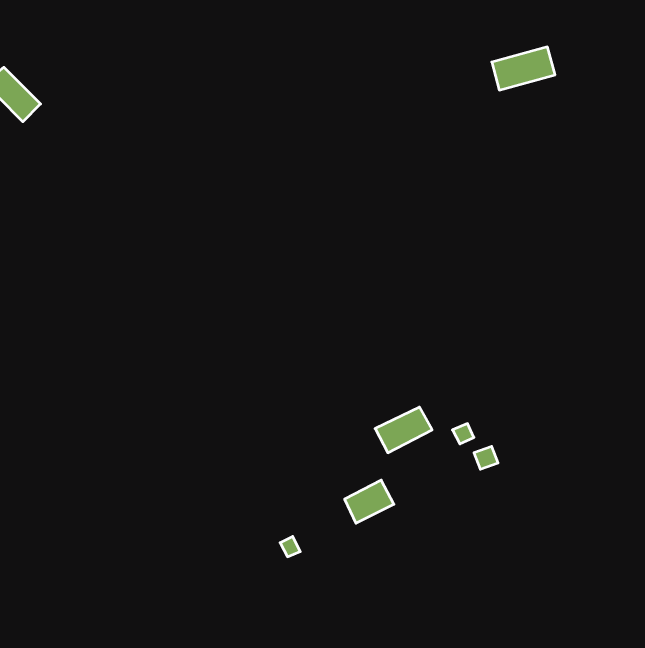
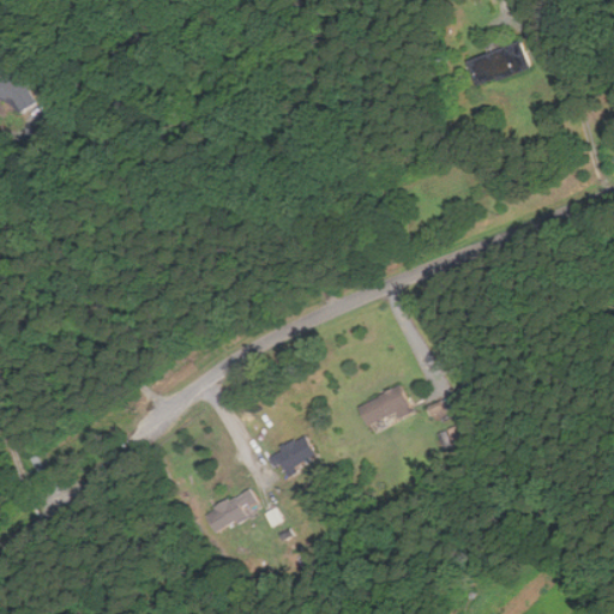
building: [345,480,394,523] -> [269,434,315,475]
building: none -> [207,489,255,532]

